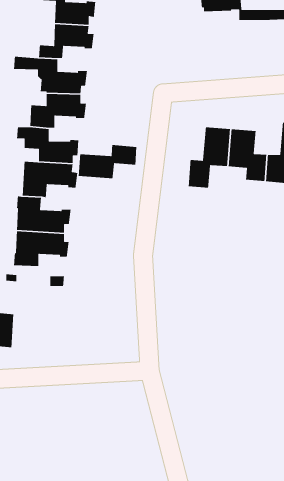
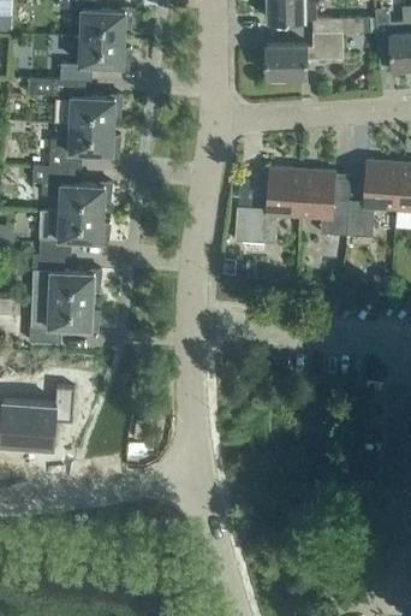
building: none -> [264,34,342,77]
building: [78,144,137,179] -> none
building: none -> [26,403,71,449]

